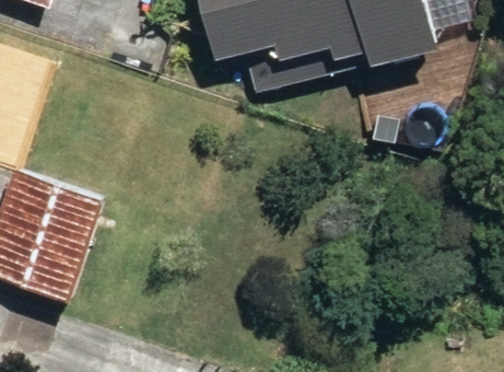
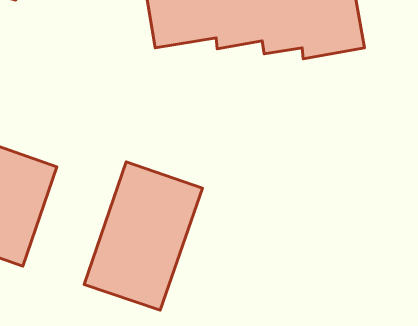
building: none -> [84,162,203,310]

